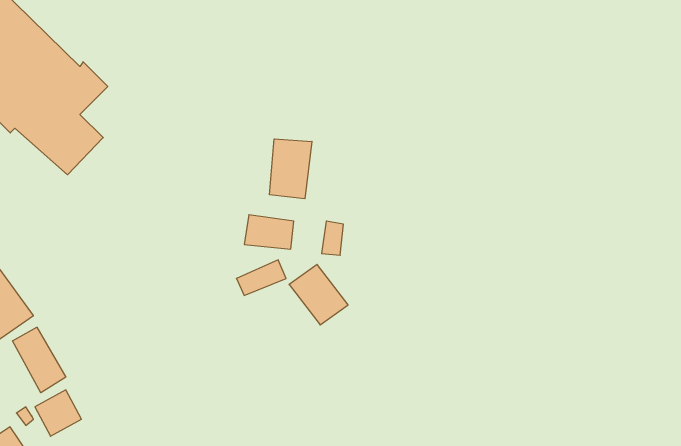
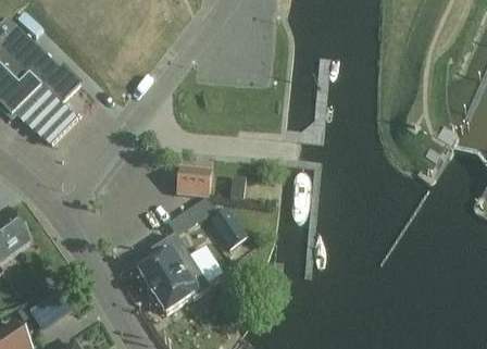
building: [270,139,312,199] -> none
building: none -> [137,234,223,312]
building: [13,327,66,393] -> none

